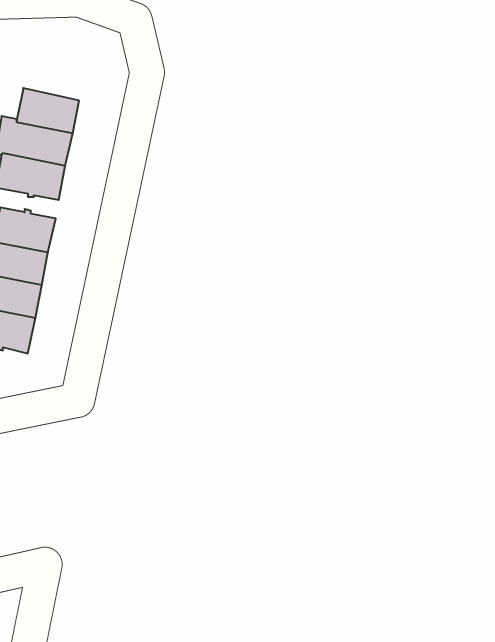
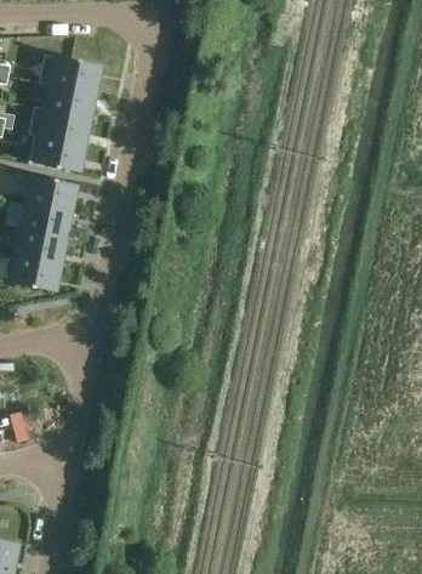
building: none -> [39,53,99,92]

